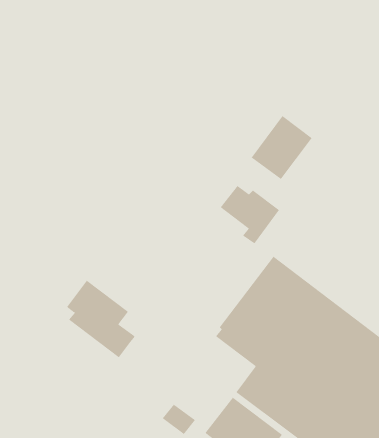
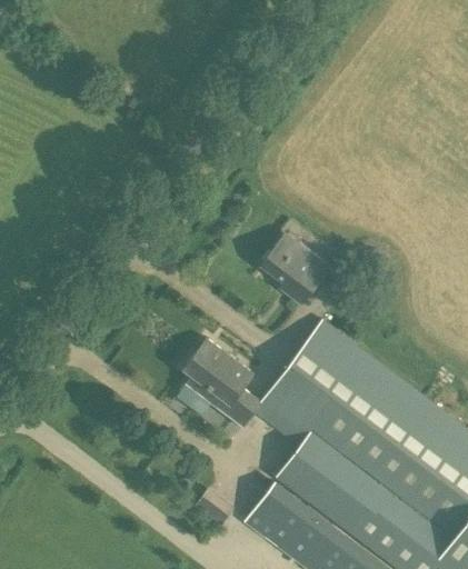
building: [251,115,313,180] -> none
building: [66,280,136,358] -> [182,338,262,428]

